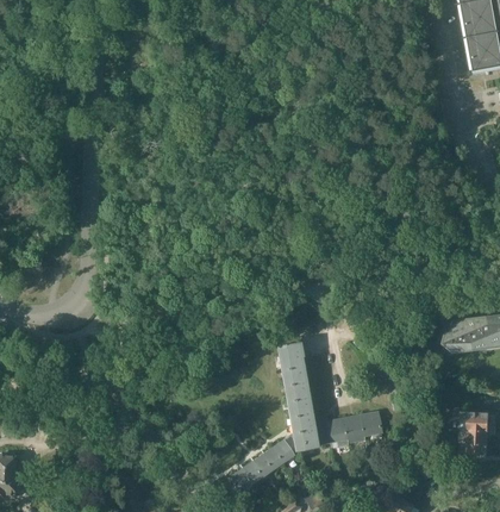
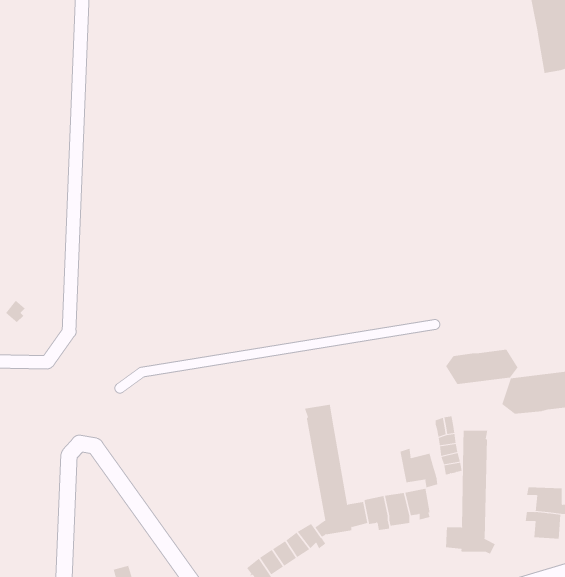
building: none -> [446,349,518,385]
building: none -> [446,430,495,554]
building: none -> [400,448,438,488]

